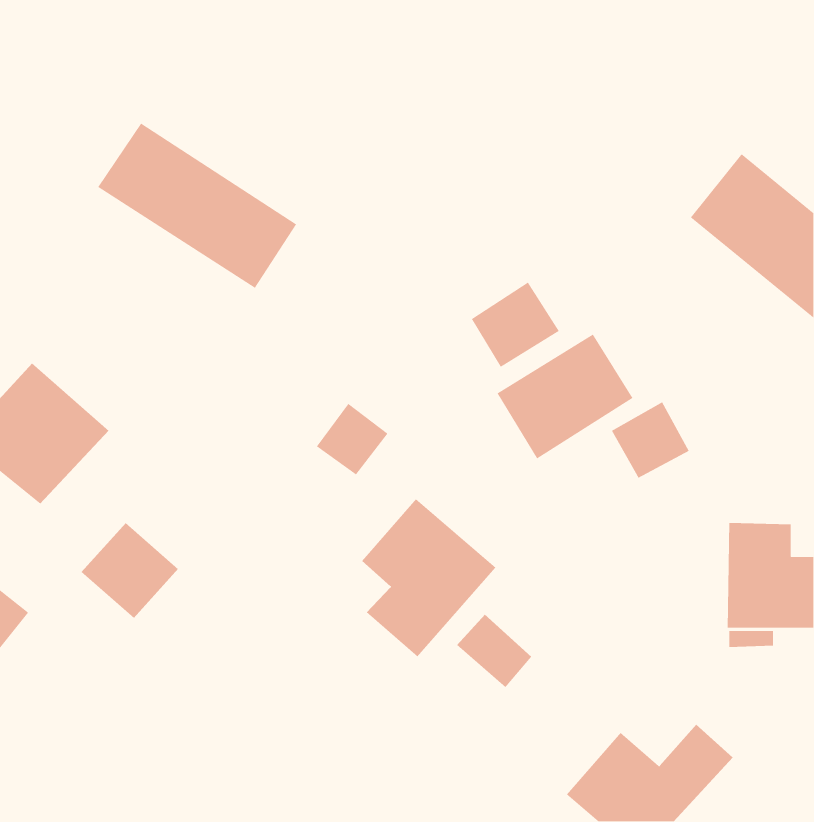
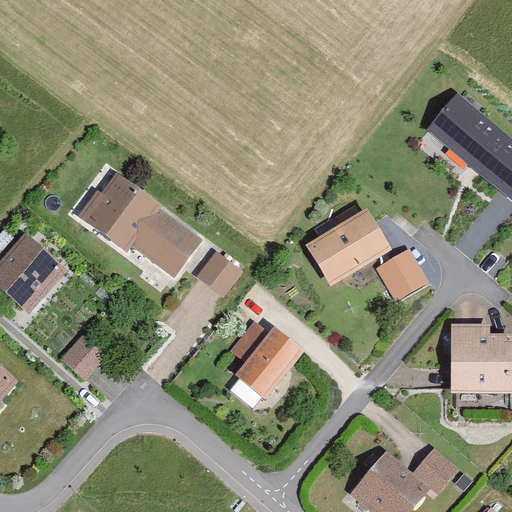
building: [97,123,297,289] -> [78,175,202,278]
building: [471,282,560,368] -> none
building: [456,614,532,688] -> none

